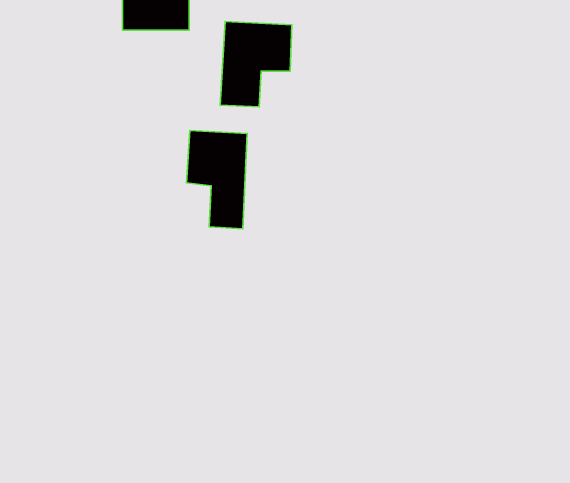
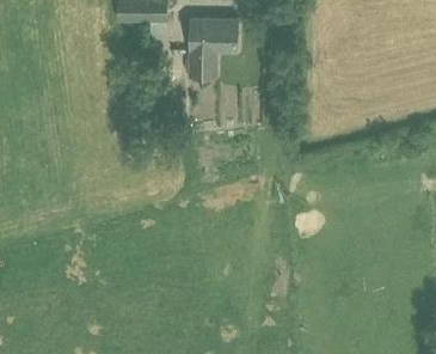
building: [186,130,247,229] -> none

